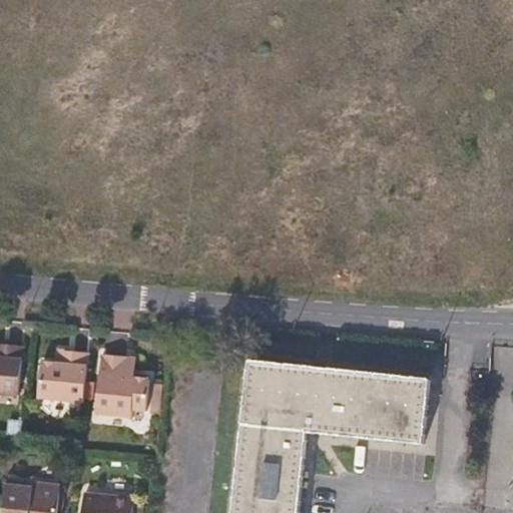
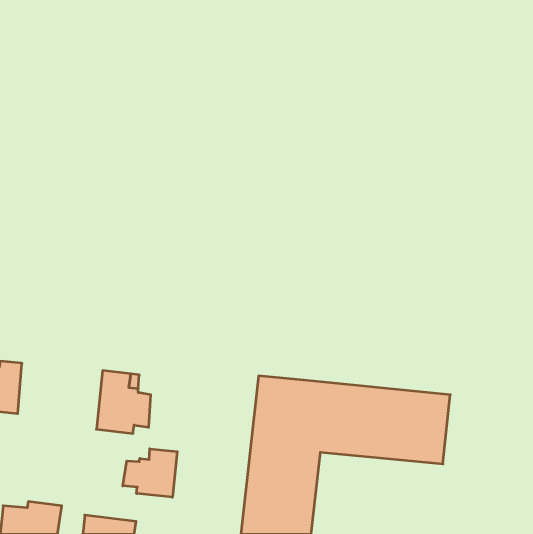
building: [37,353,87,403] -> none
building: none -> [123,449,177,497]

